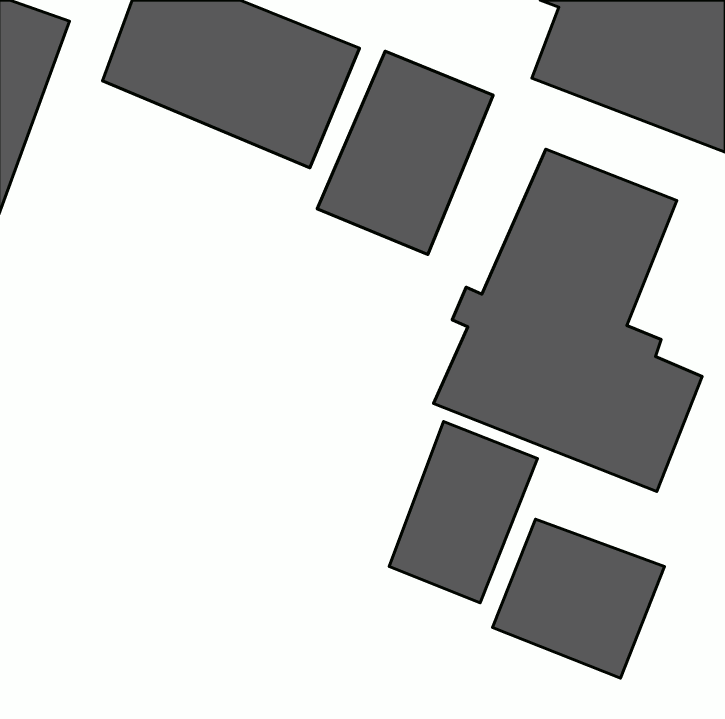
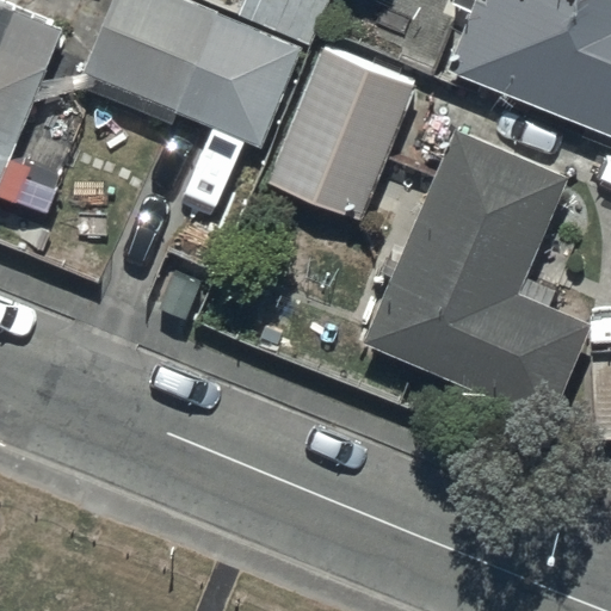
building: [389,421,537,603] -> none
building: [493,519,664,678] -> none

